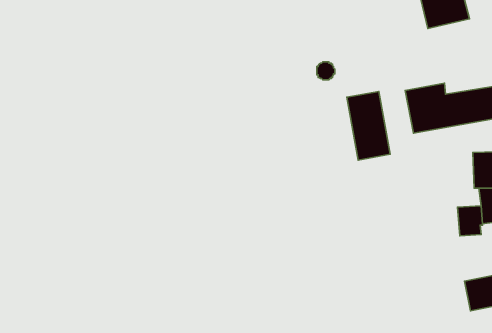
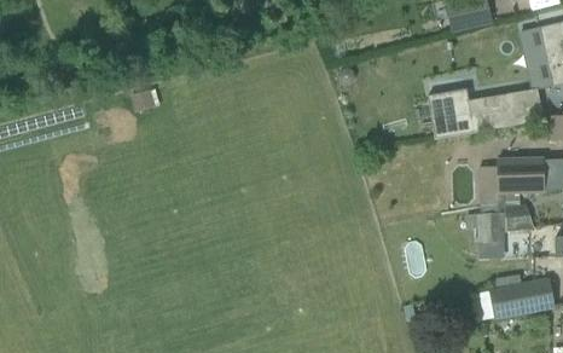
building: [347,91,390,160] -> none

